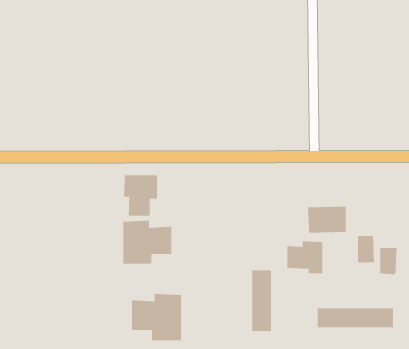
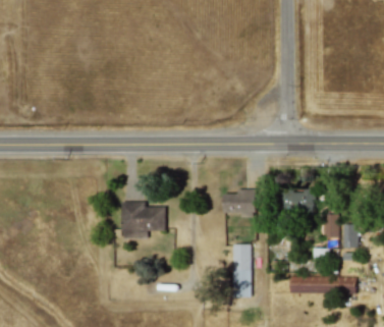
building: [123,174,158,217] -> none
building: [287,241,323,274] -> [224,188,256,217]
building: [131,293,181,341] -> none

